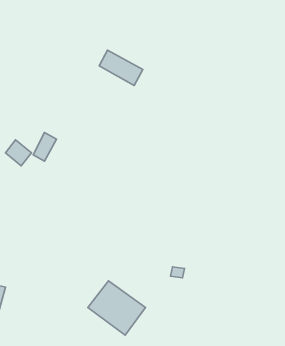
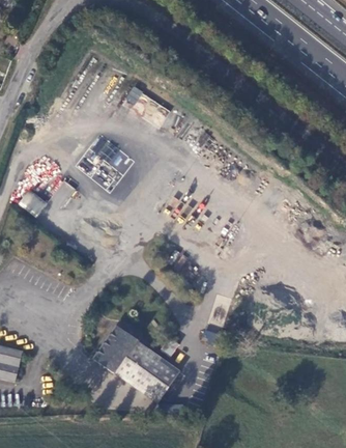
building: none -> [90,327,134,372]

